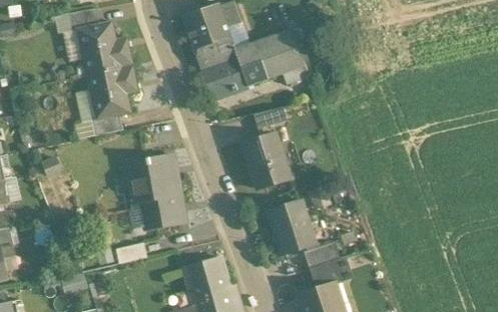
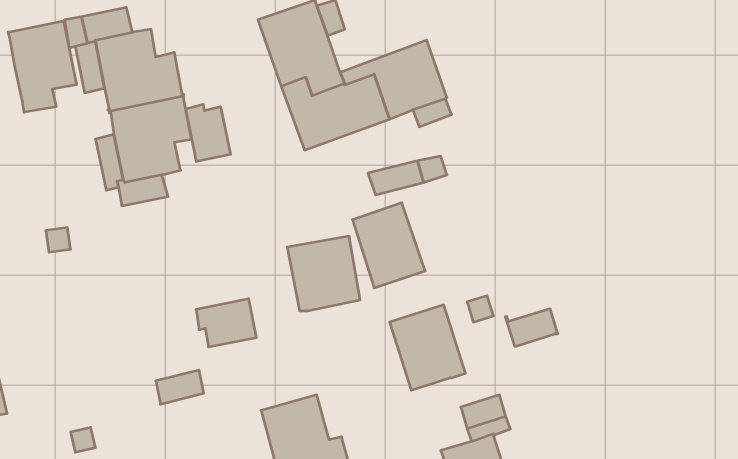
building: none -> [8,21,77,112]
building: none -> [186,104,231,162]
building: [129,154,176,203] -> [287,236,360,311]
building: [307,242,341,266] -> [505,309,558,346]

